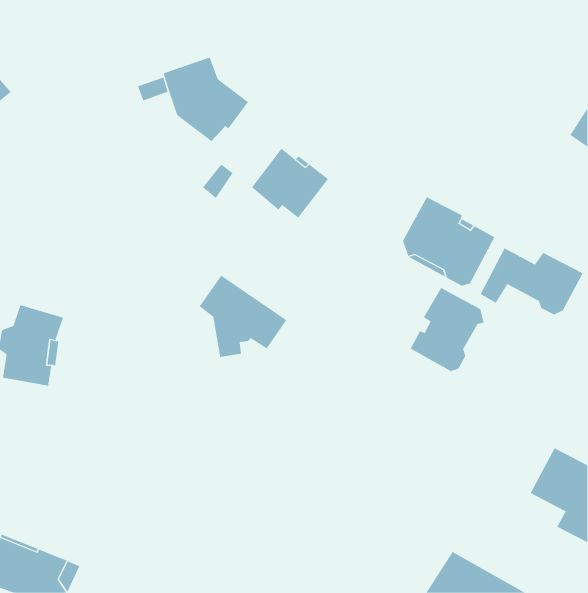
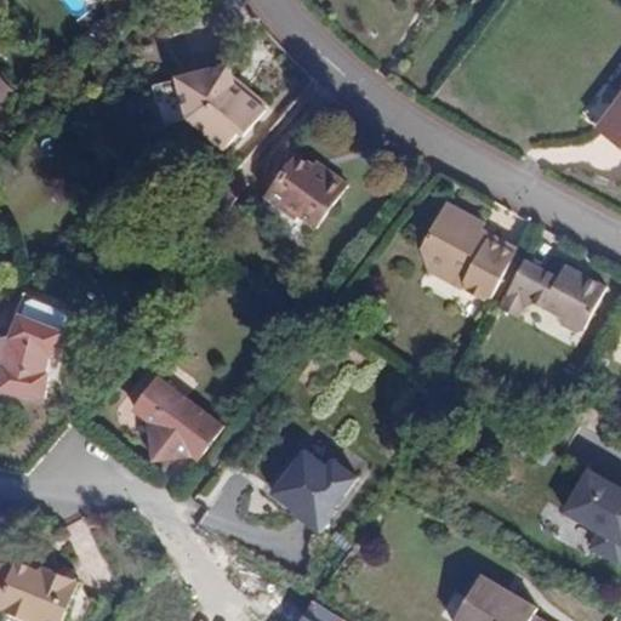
building: [199,275,287,357] -> [135,376,227,462]
building: [410,287,484,372] -> none
building: none -> [257,432,358,534]

